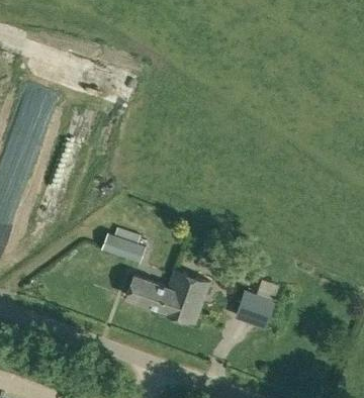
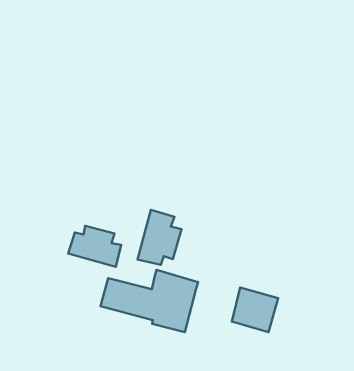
building: none -> [137,210,182,265]

